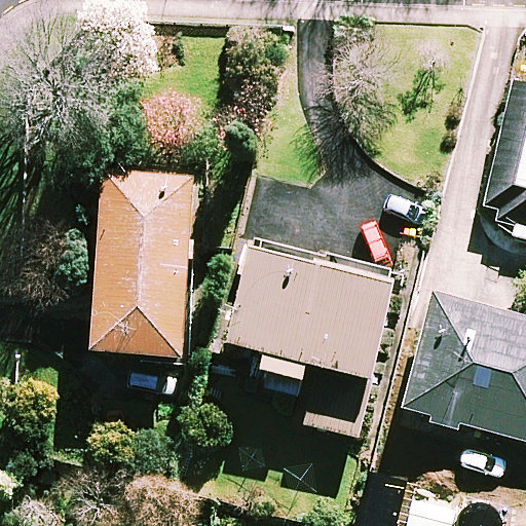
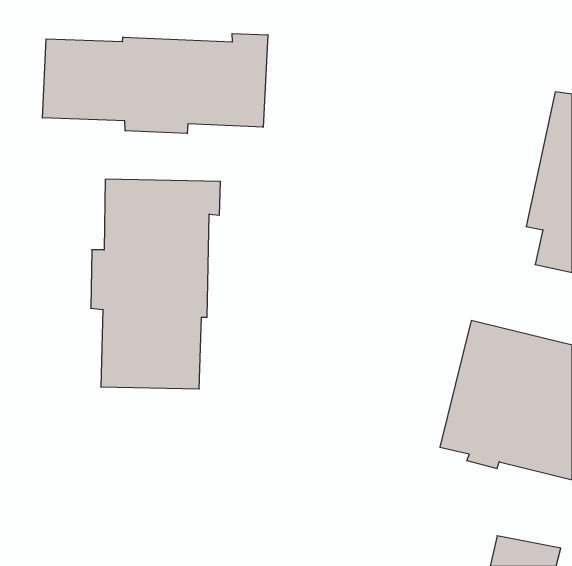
building: none -> [42,34,268,134]
building: [226,236,397,436] -> none

